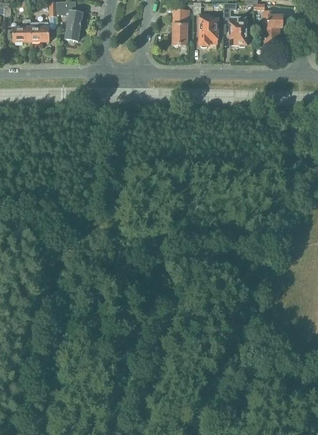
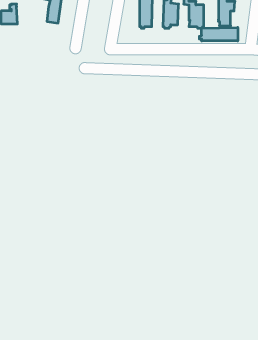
building: [30,21,50,41] -> none
building: none -> [199,27,238,41]

